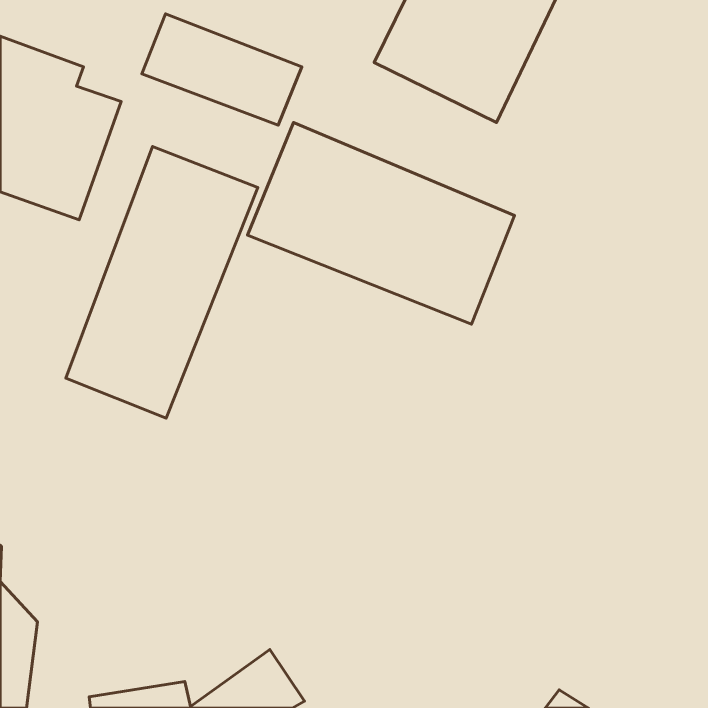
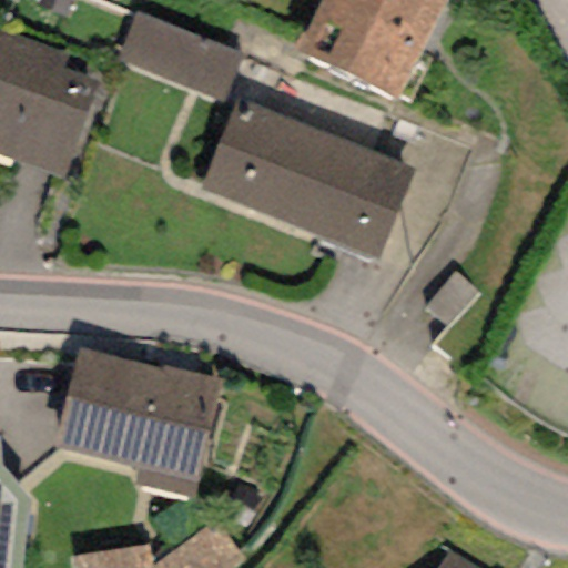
building: [66,147,258,418] -> none
building: none -> [55,348,222,497]

